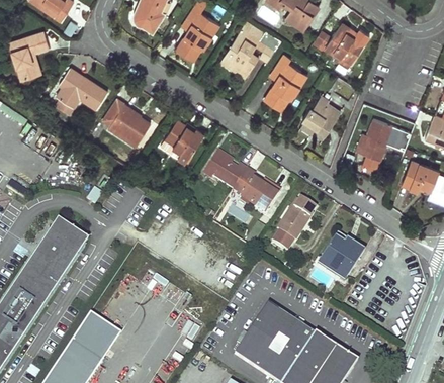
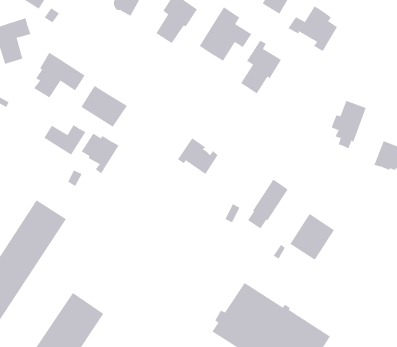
building: [300,93,341,138] -> none
building: [163,121,202,164] -> [81,133,119,174]
building: none -> [44,124,86,156]
building: [230,173,276,217] -> none

